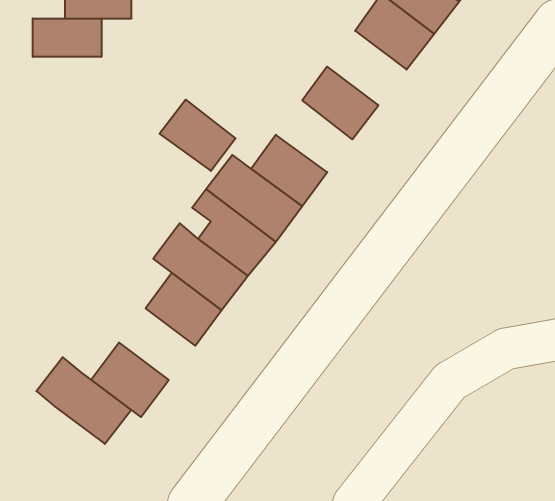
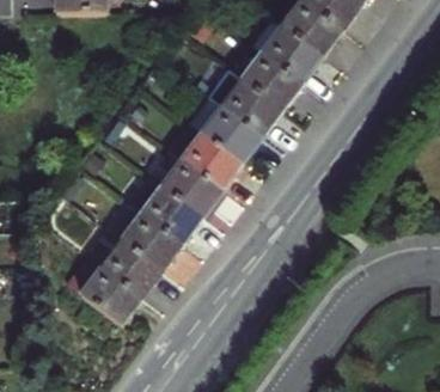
building: [33,18,101,57] -> none
building: none -> [246,16,319,82]
building: [160,100,236,171] -> [219,79,277,134]
building: [36,357,131,444] -> [84,227,157,294]

